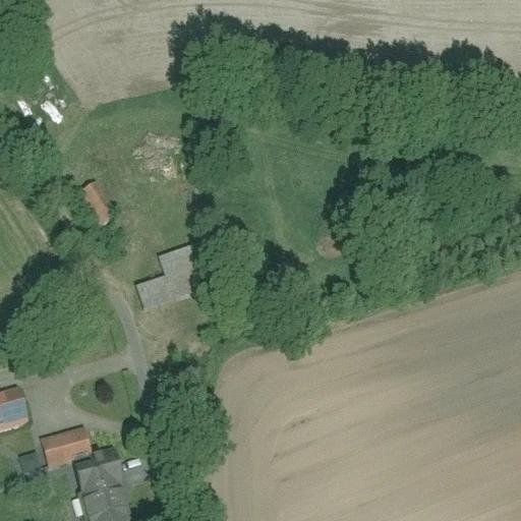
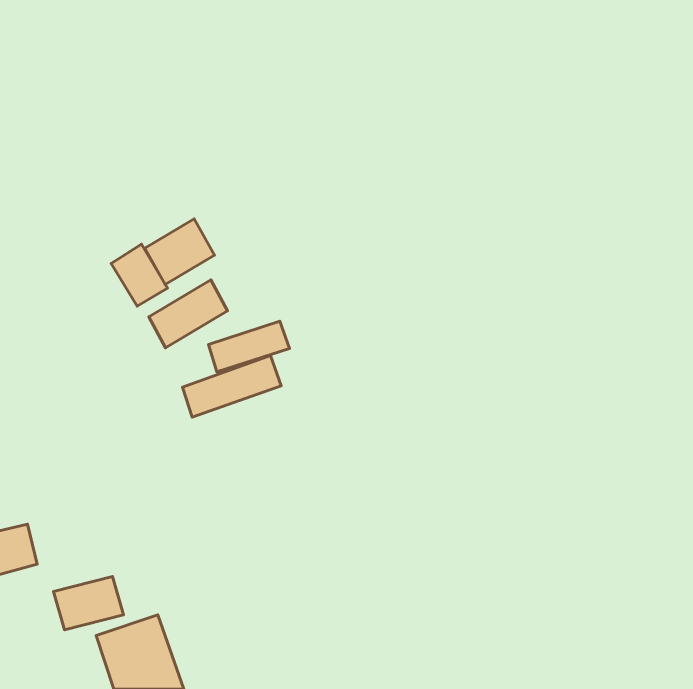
building: none -> [145,219,214,284]
building: none -> [149,280,228,348]

